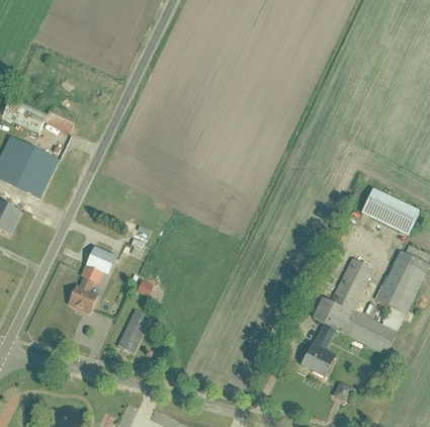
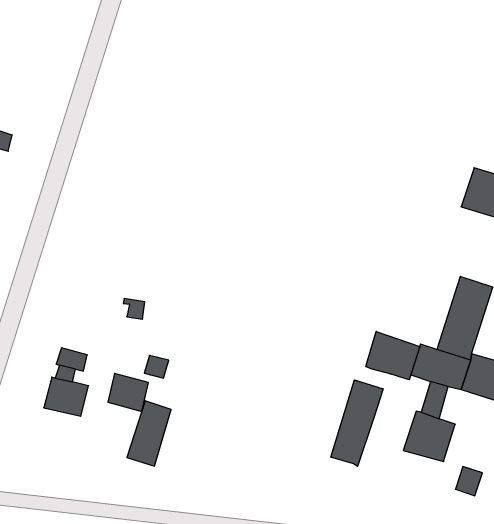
building: [86,246,114,273] -> [108,373,148,411]
building: none -> [366,331,420,380]
building: none -> [331,380,383,466]

